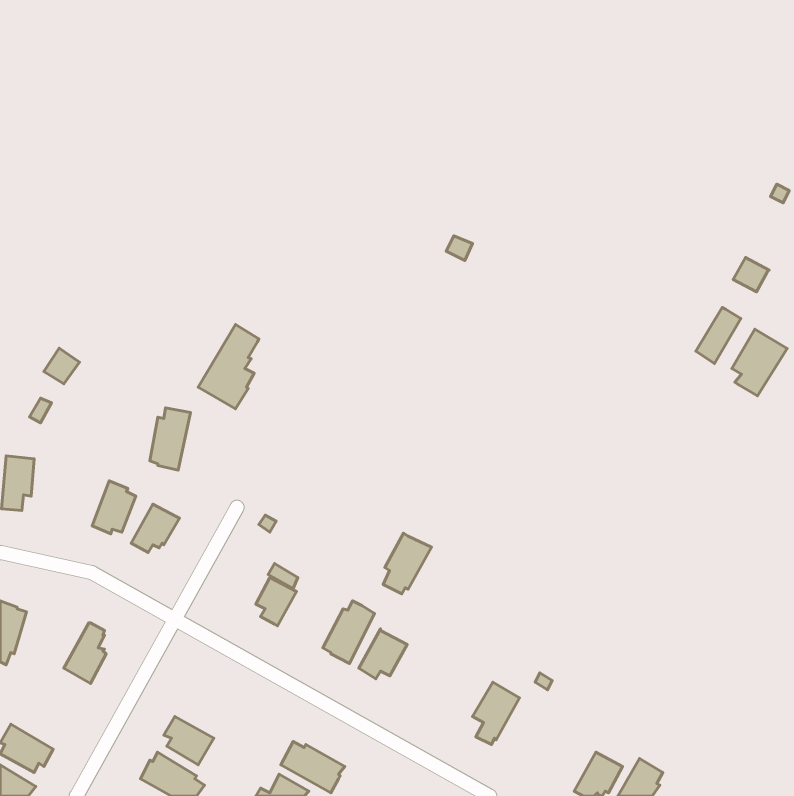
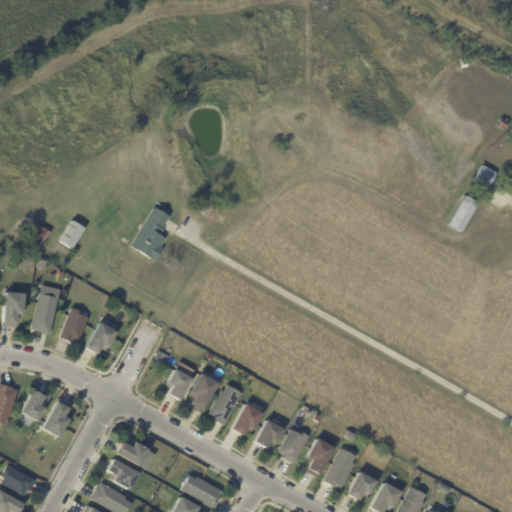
building: [732,329,787,396] -> none
building: none -> [60,221,85,249]
building: [150,408,191,470] -> [33,294,59,334]
building: [383,533,432,594] -> [188,372,219,411]
building: none -> [19,390,46,427]
building: none -> [255,420,284,448]
building: none -> [279,429,310,464]
building: none -> [118,442,149,466]
building: none -> [324,444,362,490]
building: none -> [347,472,376,501]

